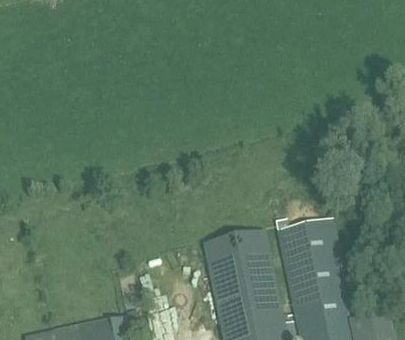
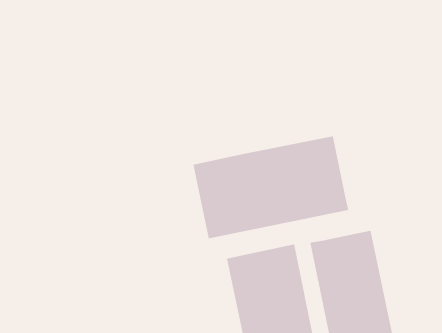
building: none -> [193,135,349,239]

